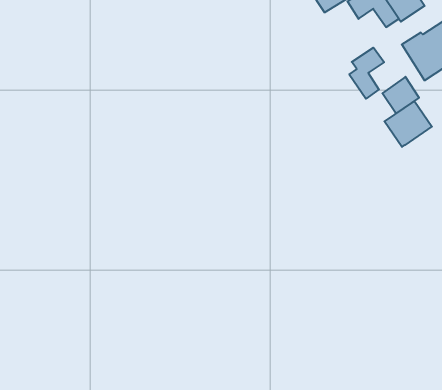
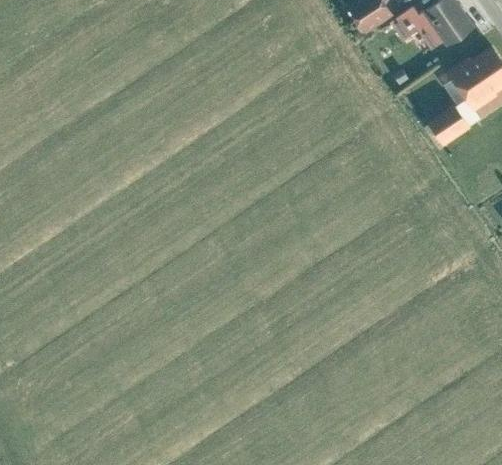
building: [349,48,384,99] -> none
building: [384,101,432,147] -> none

